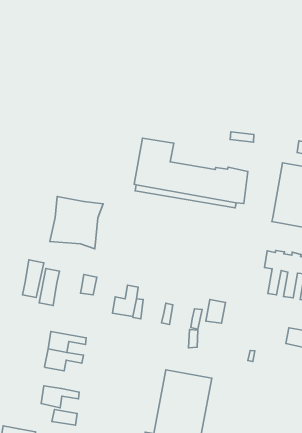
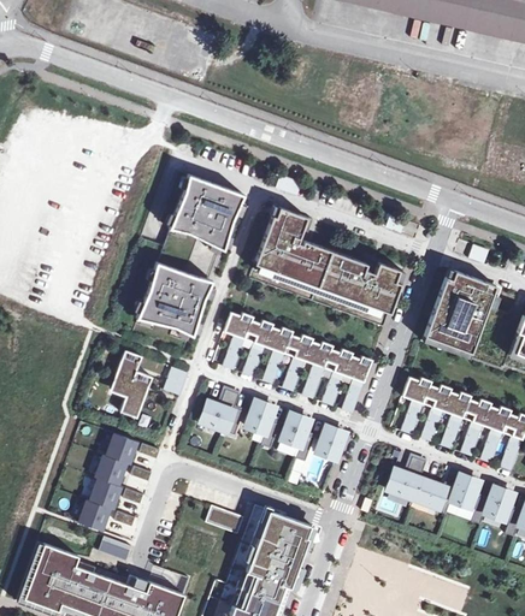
building: none -> [169,173,243,250]
building: none -> [223,313,372,413]
building: [23,260,44,297] -> [120,372,154,421]
building: none -> [246,401,275,433]
building: none -> [281,413,309,446]
building: none -> [387,457,426,498]
building: none -> [96,476,147,507]
building: none -> [207,503,244,531]

